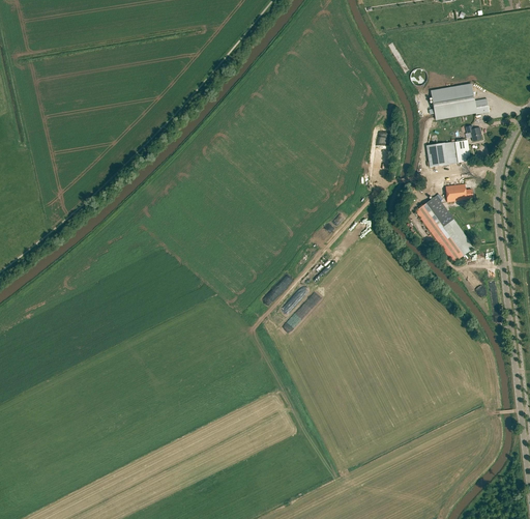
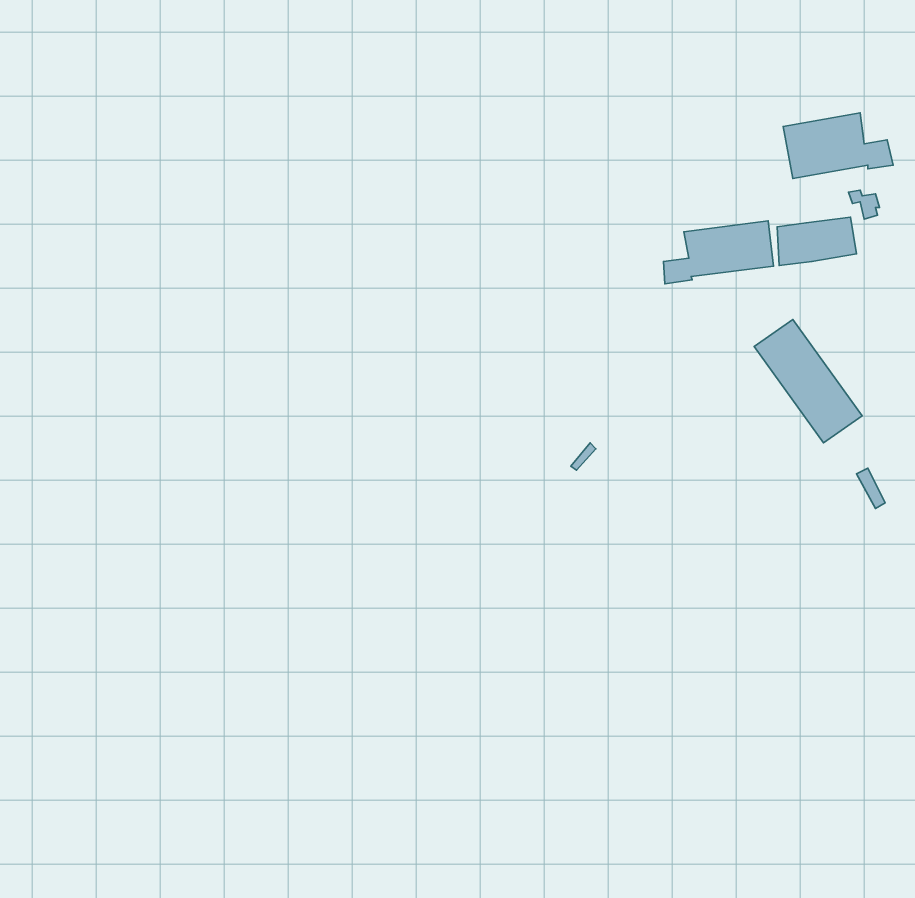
building: none -> [664,221,774,284]
building: [444,182,472,201] -> none

